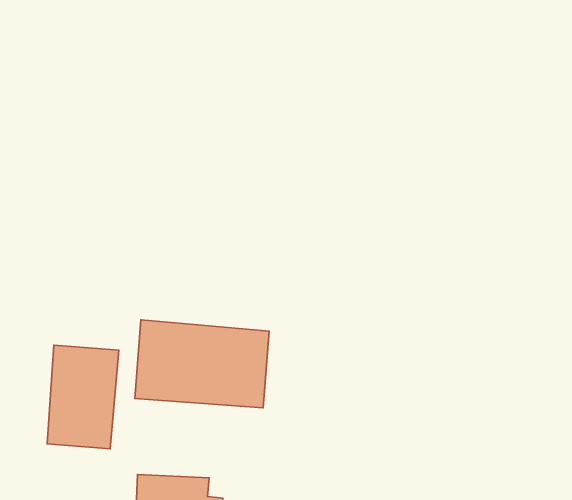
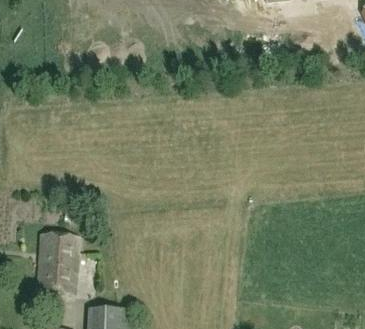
building: [135,320,269,408] -> none

